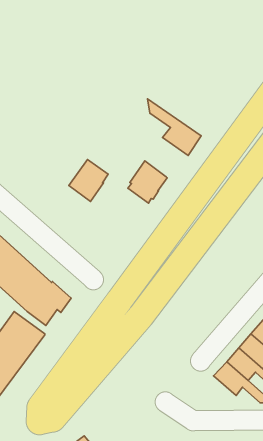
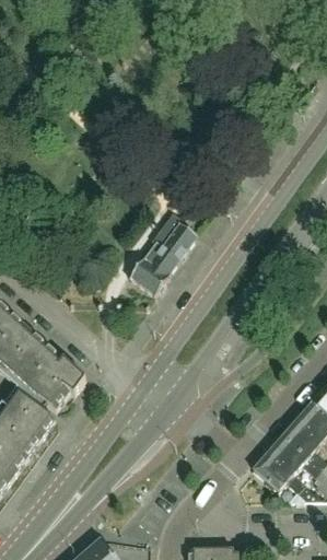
building: [147,99,201,156] -> none
building: [69,159,108,201] -> [131,248,177,298]

